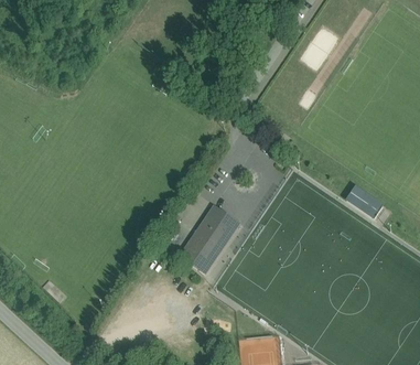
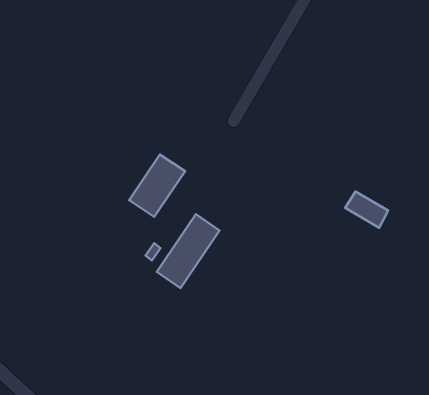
building: none -> [129,154,185,217]

